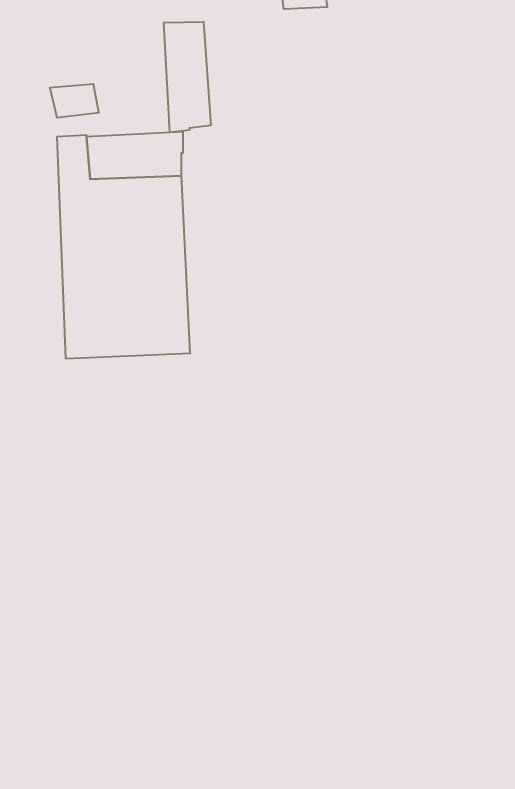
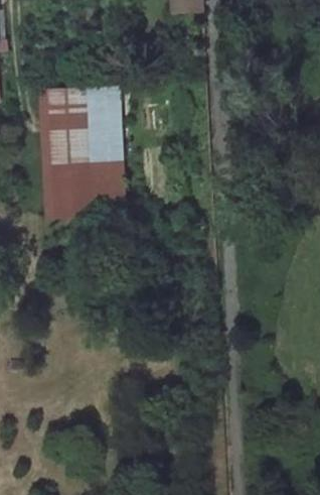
building: [164,22,211,132] -> none

